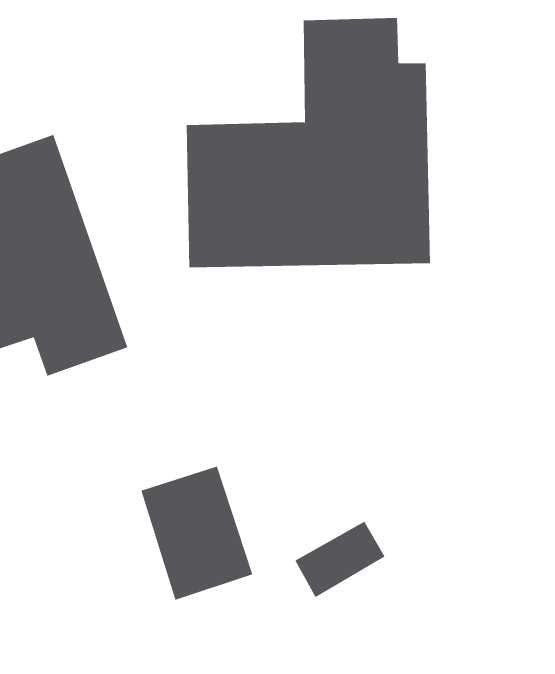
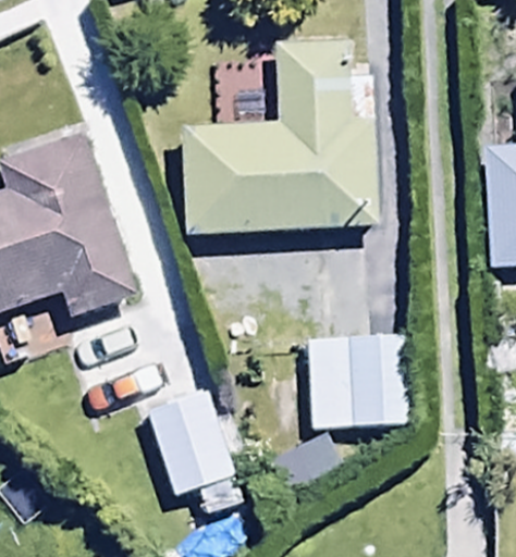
building: none -> [309,334,417,430]

